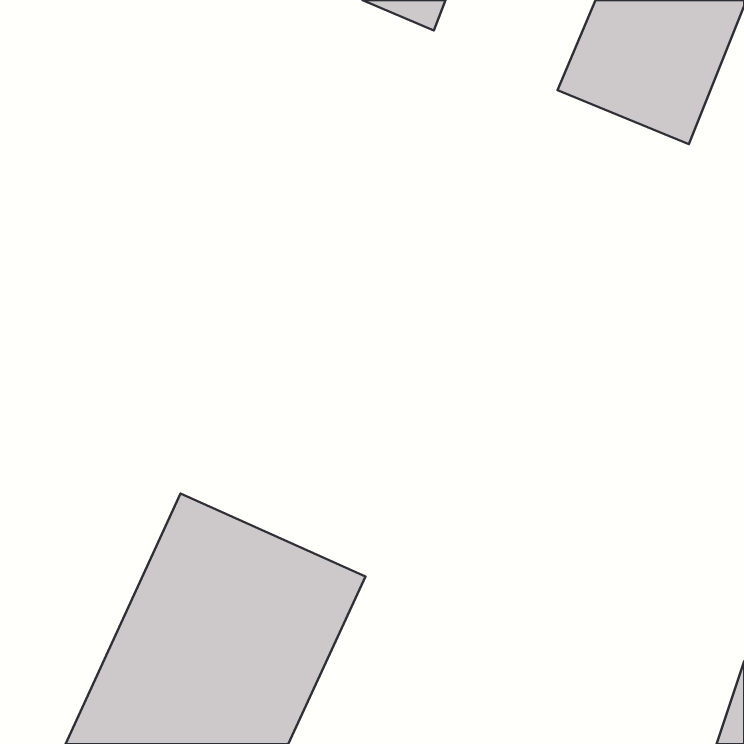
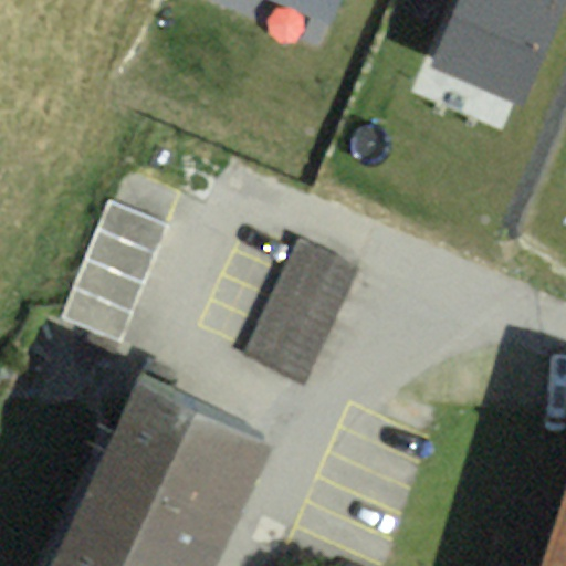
building: none -> [63,192,164,331]
building: none -> [243,241,357,384]

